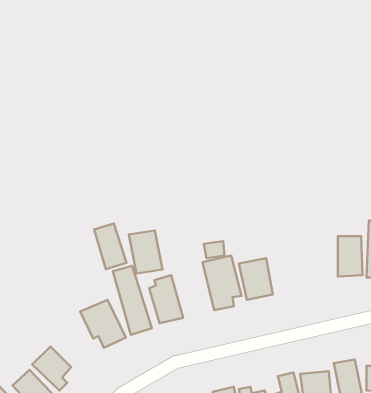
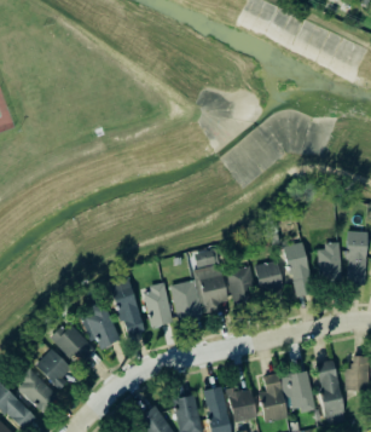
building: [94,224,126,269] -> none
building: [129,231,163,273] -> [170,281,202,321]
building: none -> [282,242,315,298]
building: none -> [254,260,284,295]
building: none -> [51,322,92,364]

